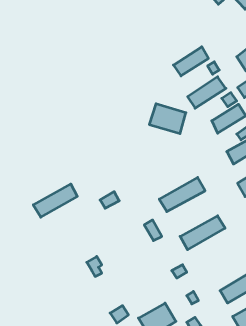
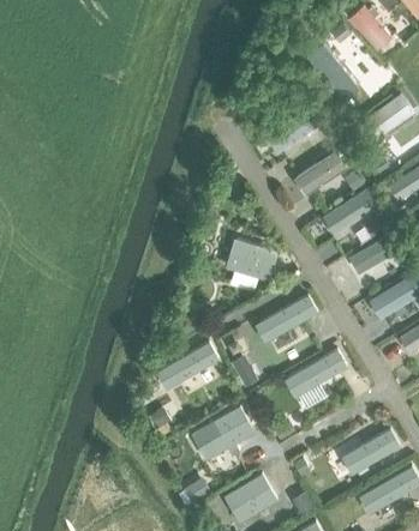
building: none -> [307,47,352,98]
building: [149,104,186,134] -> [225,240,277,283]
building: [33,184,77,217] -> [155,342,219,390]
building: none -> [199,406,255,457]

